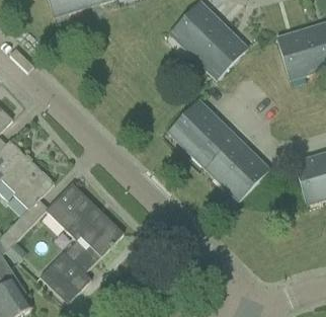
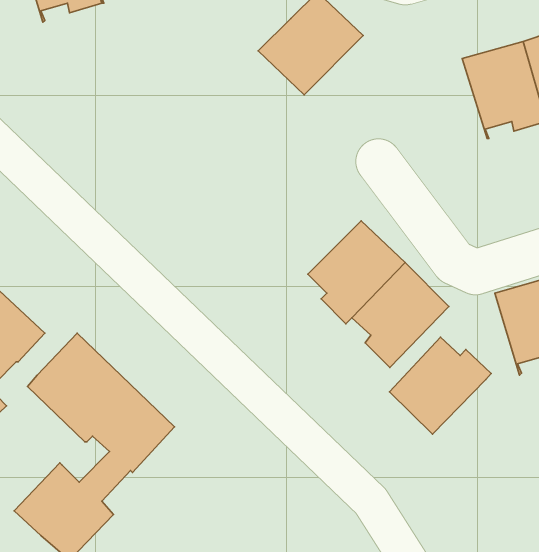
building: [192,24,248,79] -> none
building: [167,98,223,155] -> none
building: none -> [389,337,491,434]

